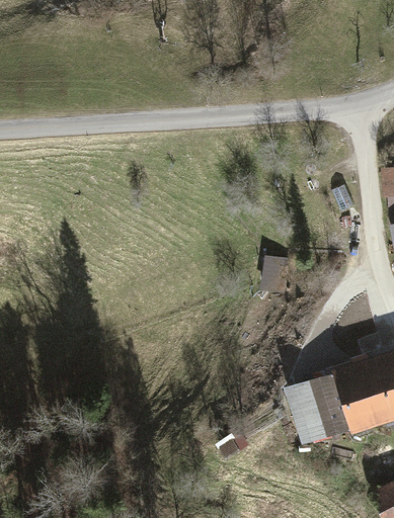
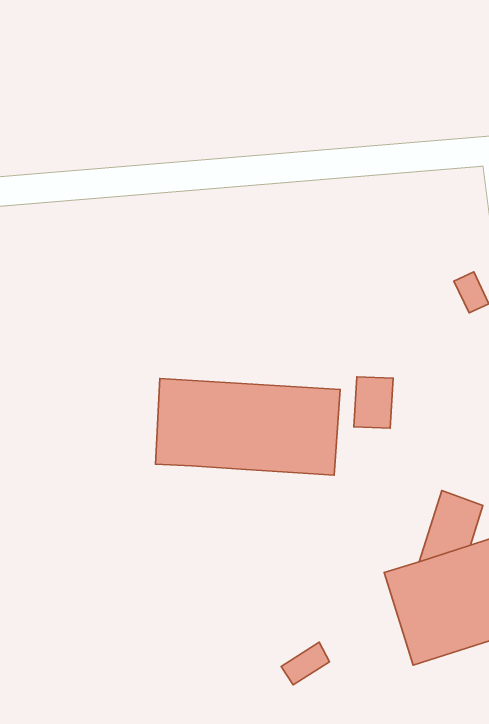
building: none -> [155,379,340,475]

